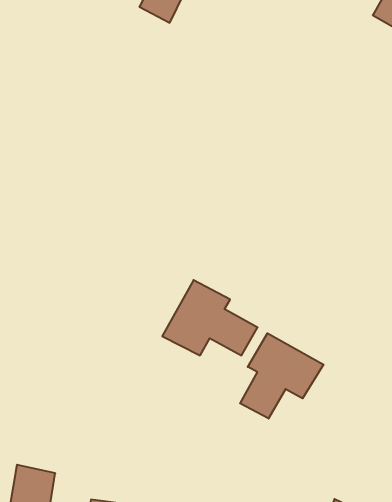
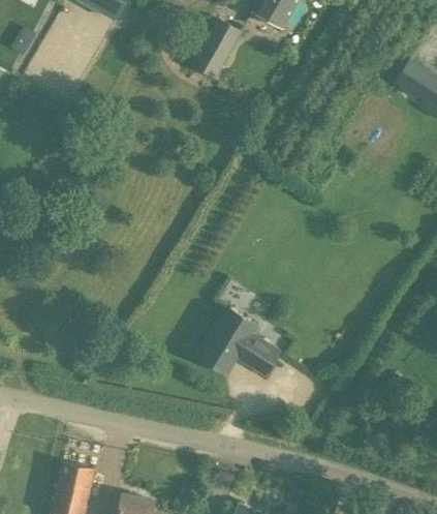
building: [240,333,323,419] -> none

